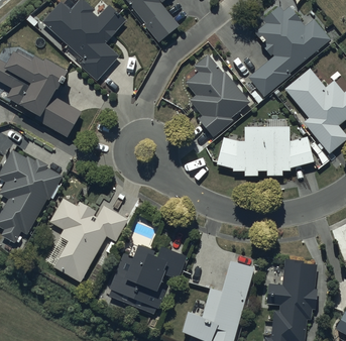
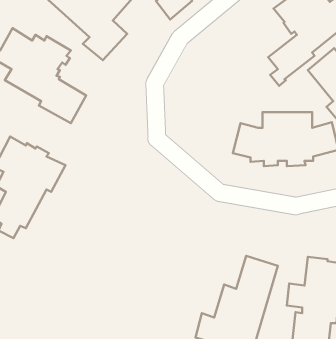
building: [186,54,256,137] -> none
building: [50,199,129,281] -> none
building: [109,244,187,314] -> none

